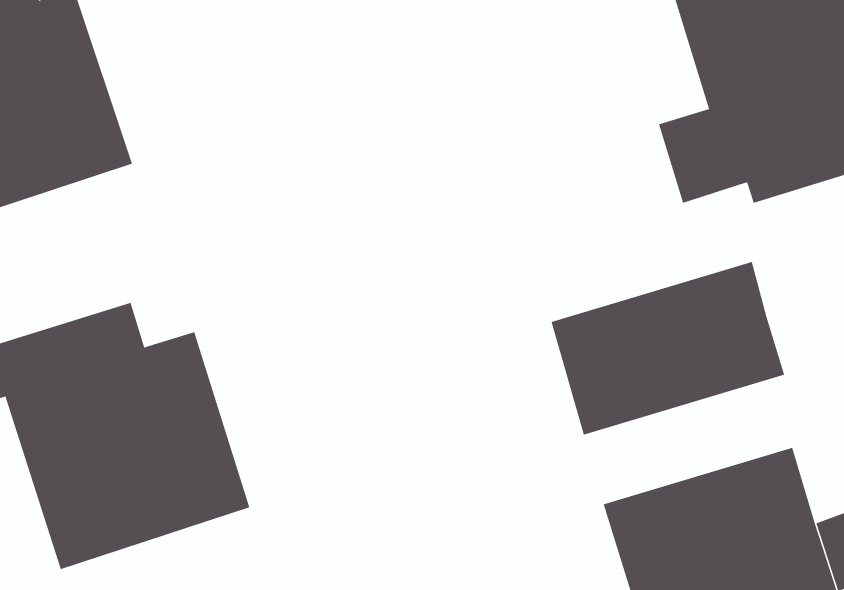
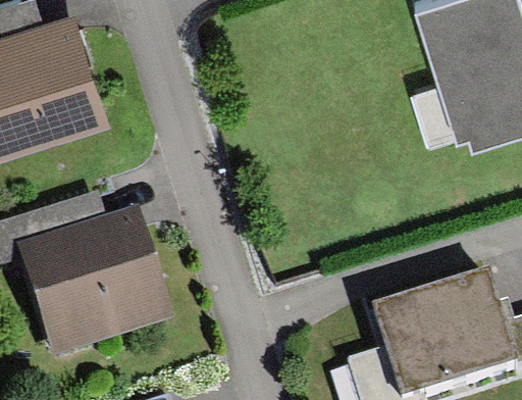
building: [551,261,785,436] -> none

